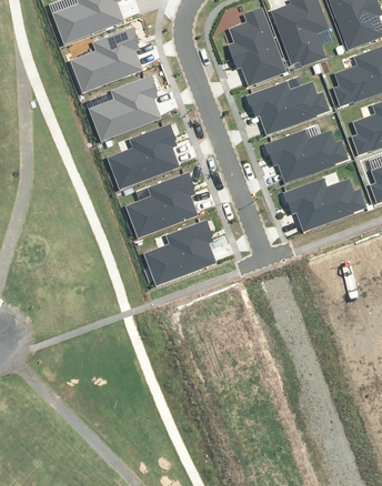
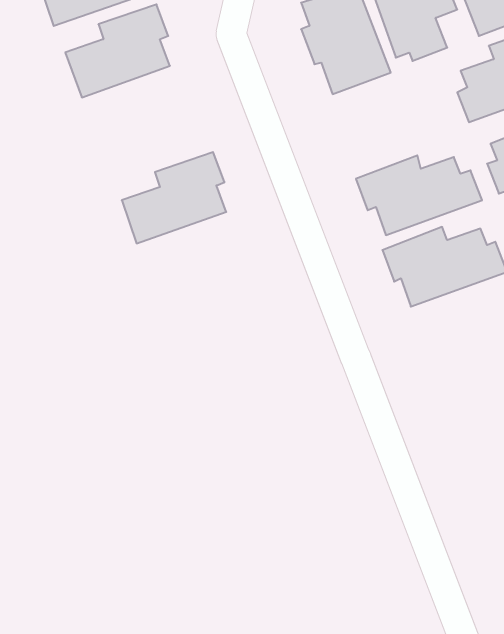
building: [89,78,159,139] -> none
building: [247,80,331,133] -> none
building: [129,173,199,235] -> none
building: [145,220,215,282] -> none

